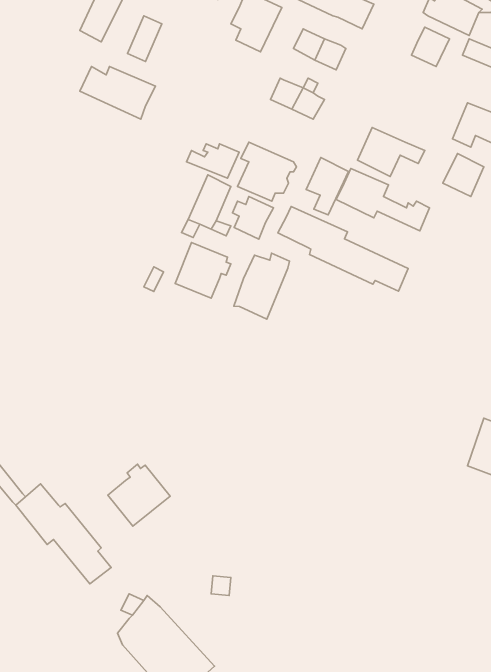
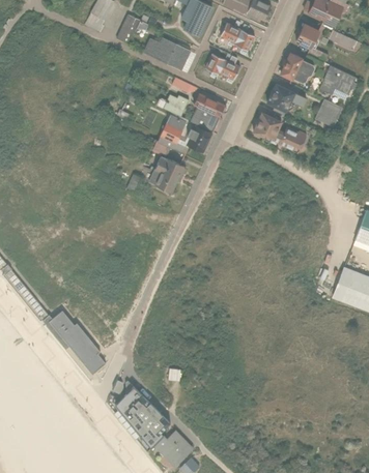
building: [80,66,156,119] -> [144,36,192,69]
building: none -> [276,52,310,82]
building: [306,158,349,215] -> none
building: [278,207,408,291] -> none
building: [234,253,290,319] -> none
building: [108,464,170,526] -> none

